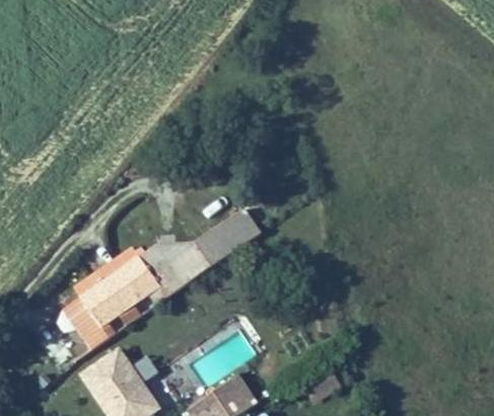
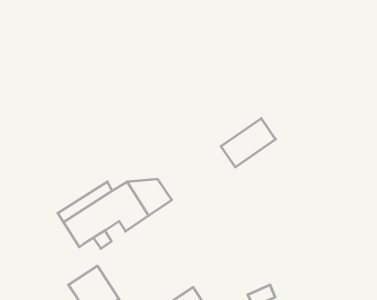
building: [195,207,262,267] -> [221,118,276,167]
building: [60,294,114,351] -> none

